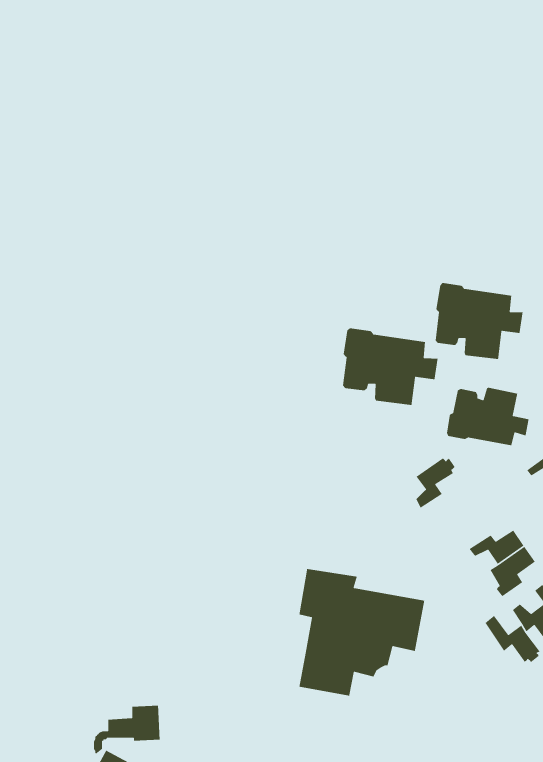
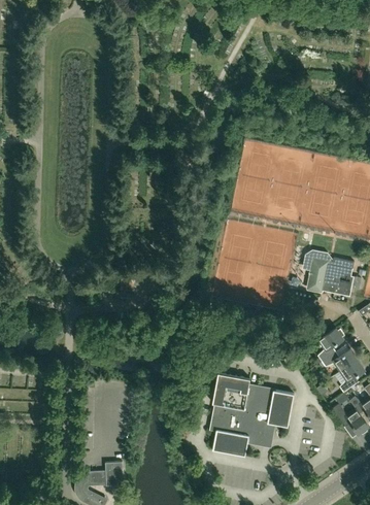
building: [435,282,523,360] -> none
building: [342,327,438,406] -> none
building: [415,457,456,509] -> [318,329,344,362]

